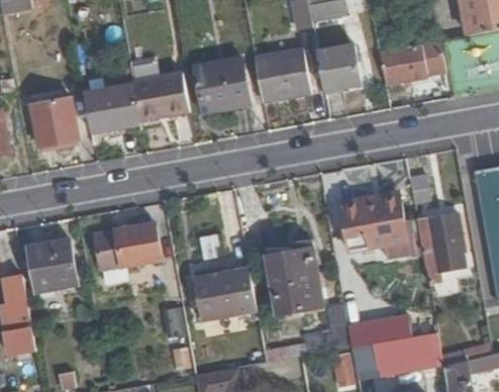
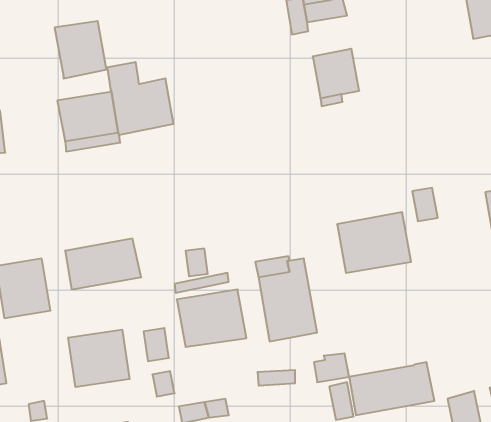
building: [253,38,311,103] -> none
building: [377,41,442,88] -> none
building: [194,59,252,113] -> none
building: [36,96,84,149] -> [55,21,107,78]
building: [415,212,466,287] -> none
building: none -> [68,330,130,387]
building: [346,315,409,347] -> none

